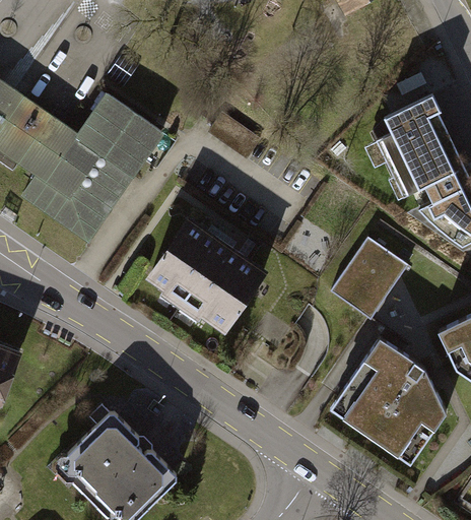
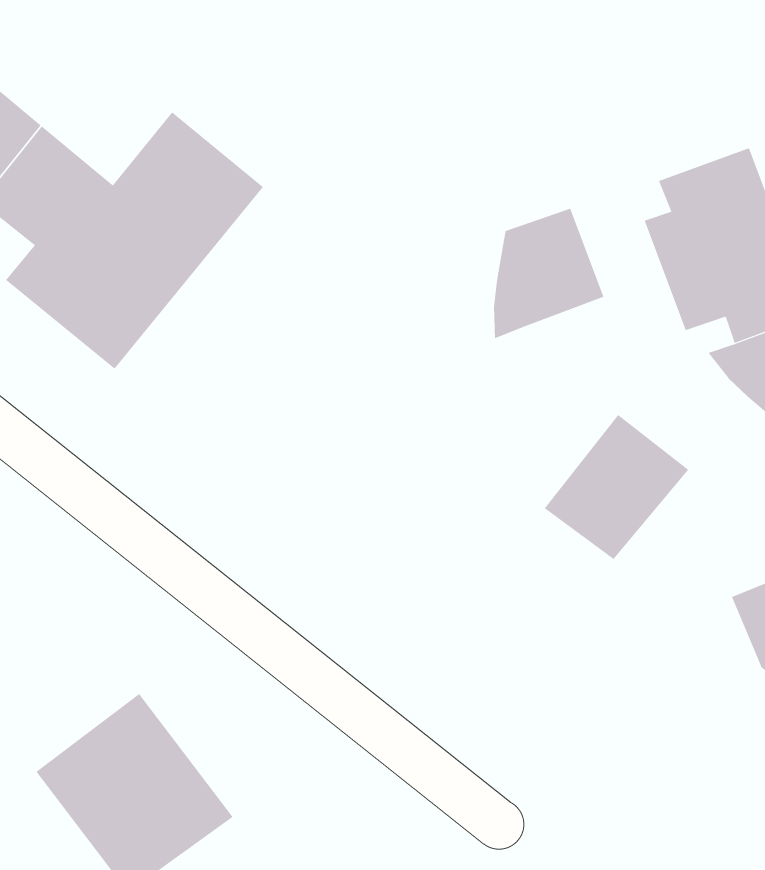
building: none -> [493,208,604,339]
building: [147,216,266,331] -> none
building: [329,341,445,468] -> none

